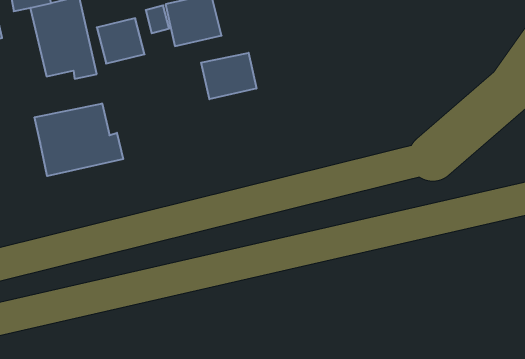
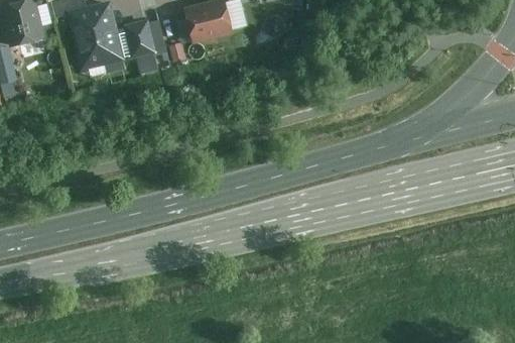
building: [201,53,256,99] -> none
building: [35,103,123,176] -> none

